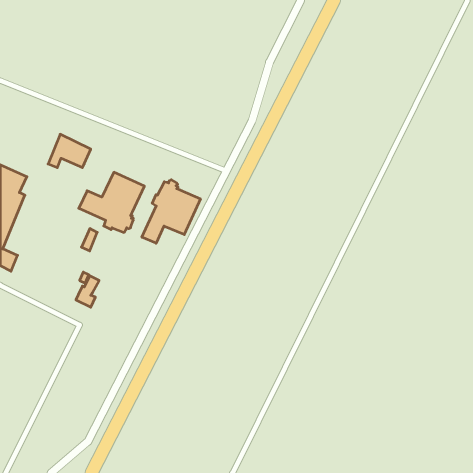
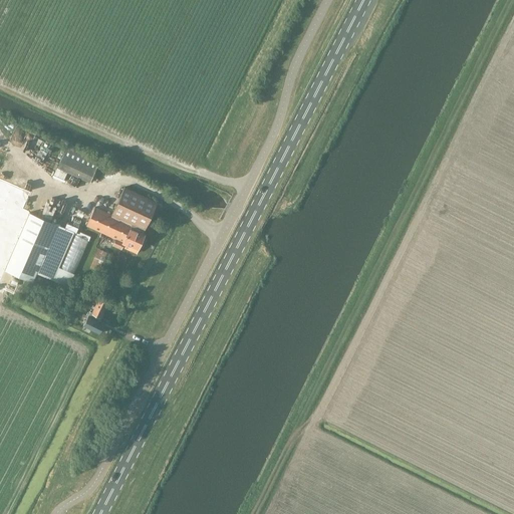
building: [142,180,200,243] -> none
building: none -> [4,212,87,286]

